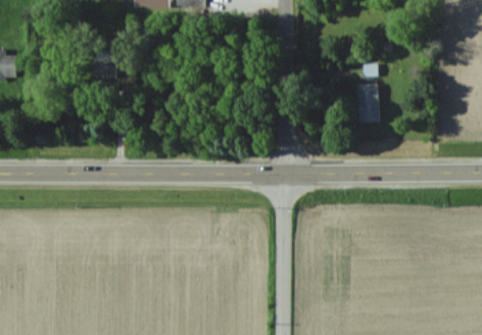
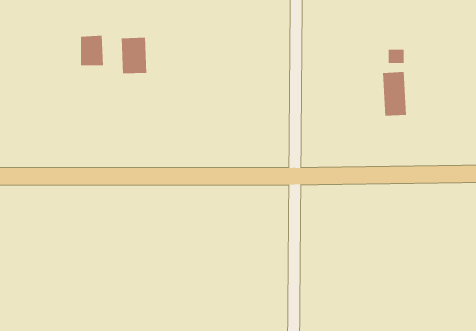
building: none -> [121,37,147,74]

